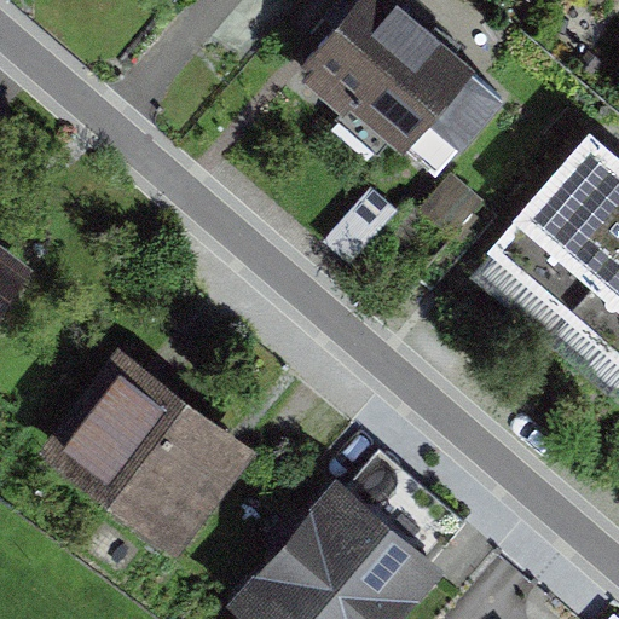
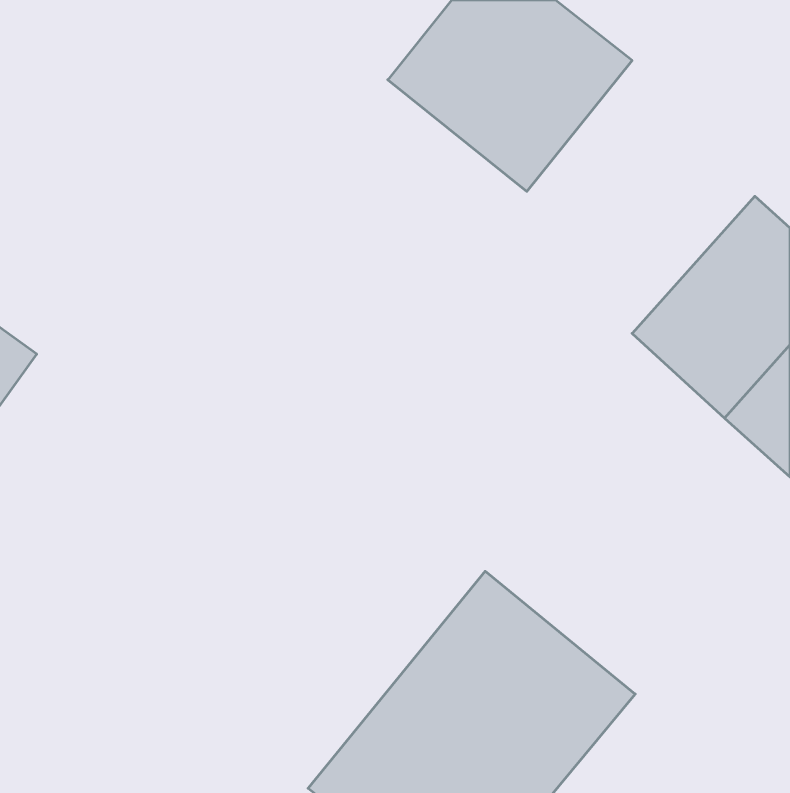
building: [64,361,239,531] -> none

